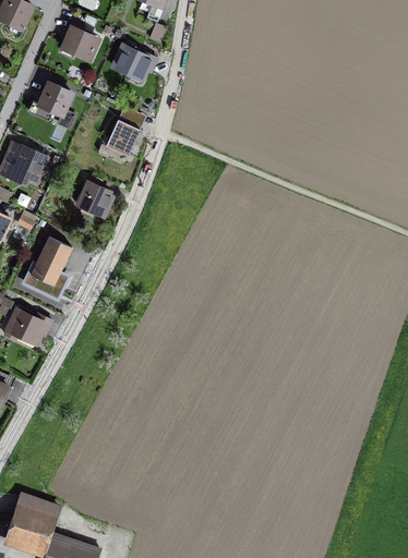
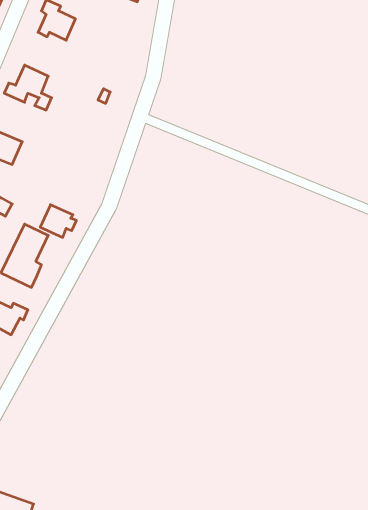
building: [112,45,156,83] -> none
building: [106,119,140,155] -> none
building: [77,182,112,214] -> [40,205,76,237]

